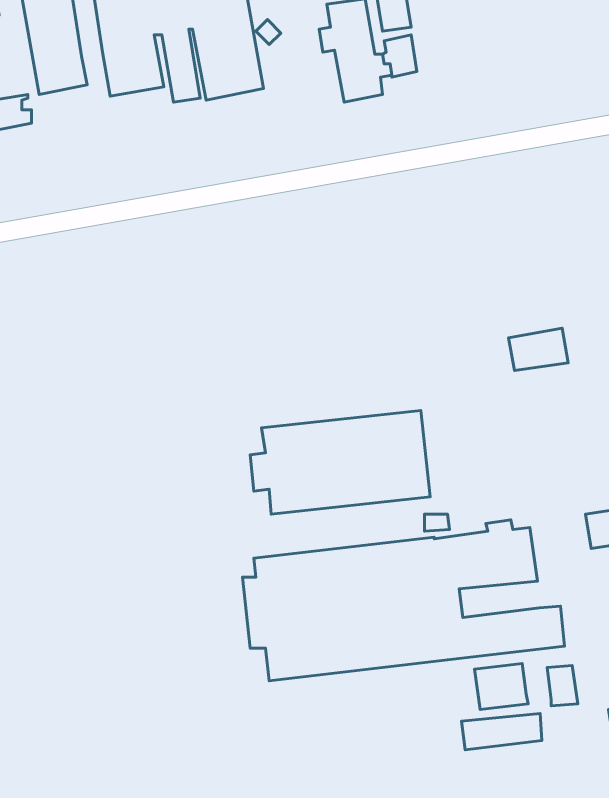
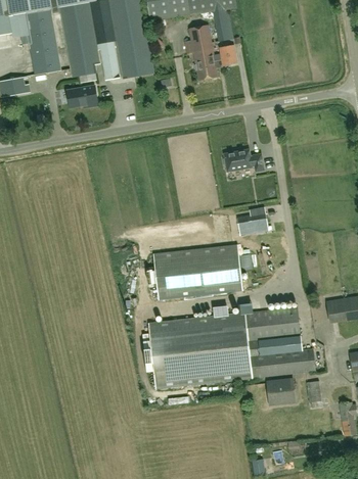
building: none -> [66,85,98,107]
building: none -> [224,148,264,172]
building: [509,328,568,370] -> [237,211,269,234]
building: [461,714,542,750] -> [259,335,302,354]

